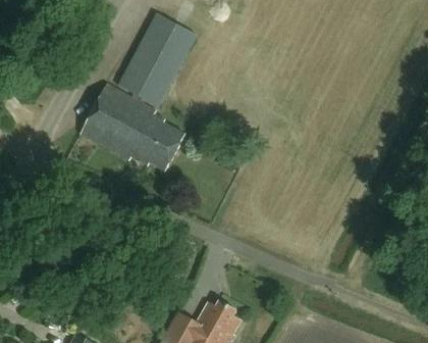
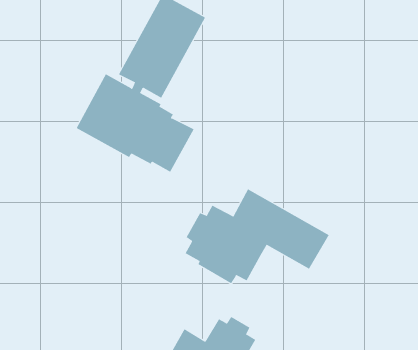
building: none -> [185,189,329,284]

